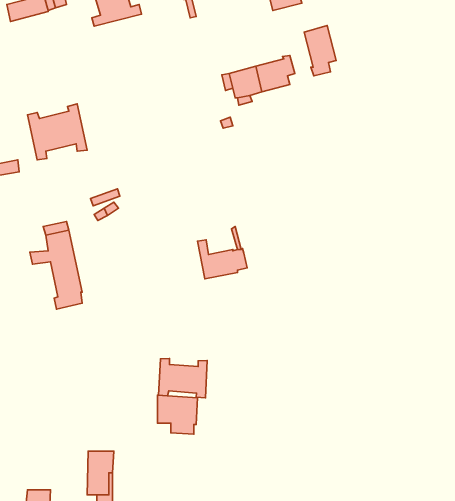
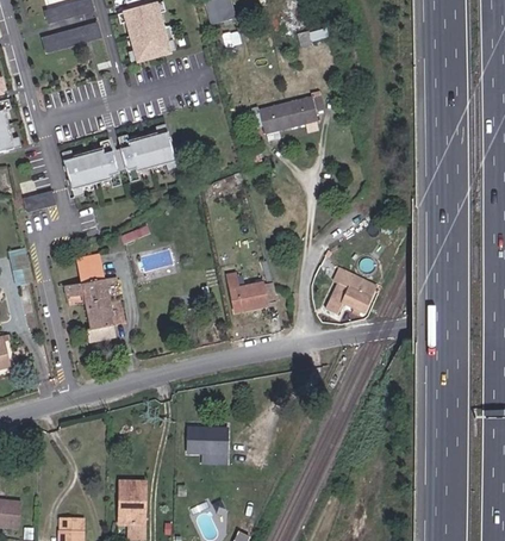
building: [304,26,336,76] -> none
building: none -> [119,126,176,181]
building: none -> [326,281,372,313]
building: [158,359,207,398] -> none

